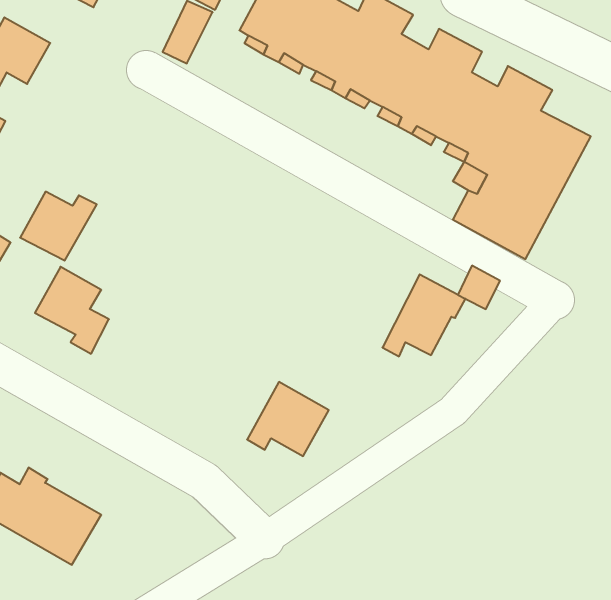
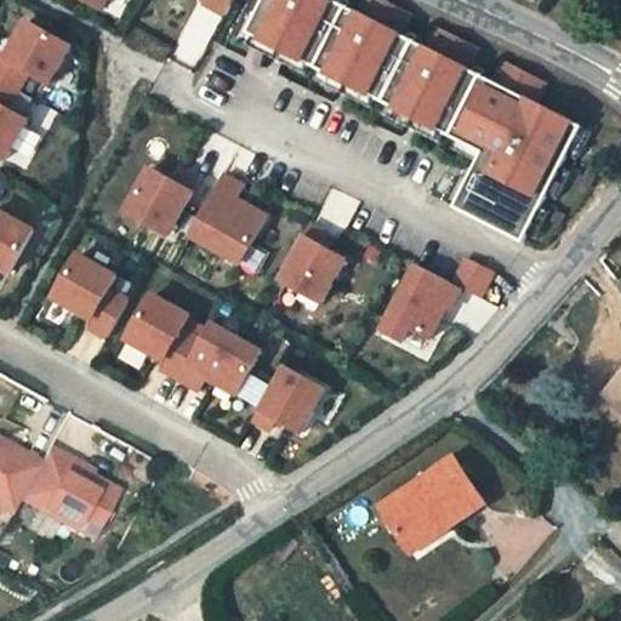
building: none -> [190,172,266,256]
building: [20,192,97,261] -> [125,166,198,232]
building: none -> [279,223,344,300]
building: none -> [126,295,263,401]
building: none -> [376,458,474,547]

